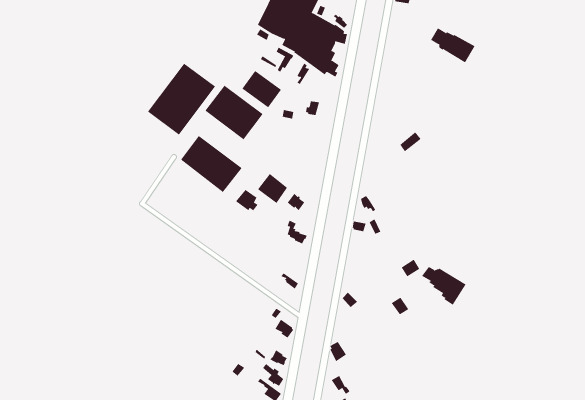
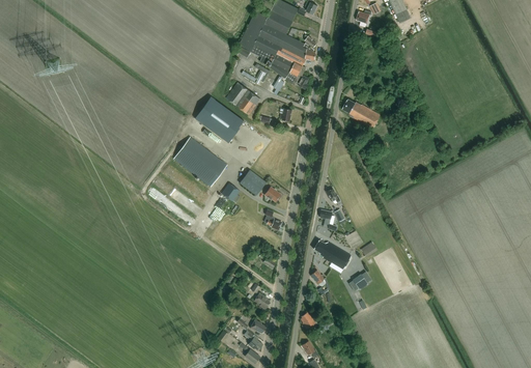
building: [430,28,475,63] -> [342,100,381,130]
building: [147,63,216,135] -> none
building: [421,266,467,305] -> [313,240,352,274]

